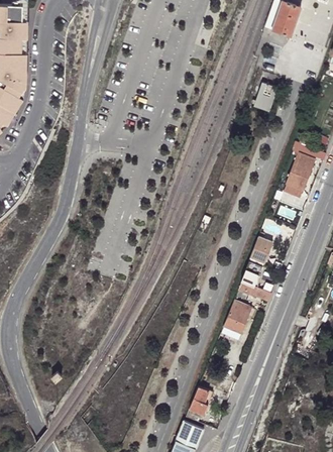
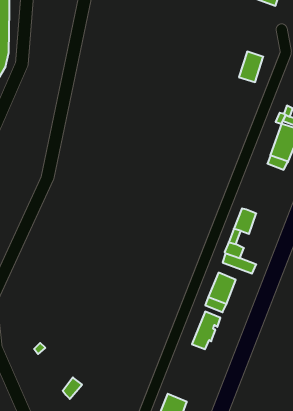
building: [184,386,212,424] -> [192,312,220,349]

